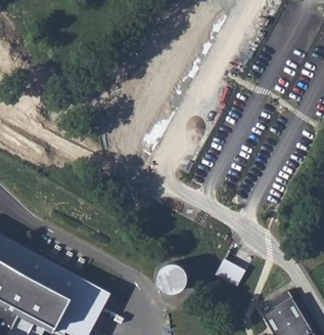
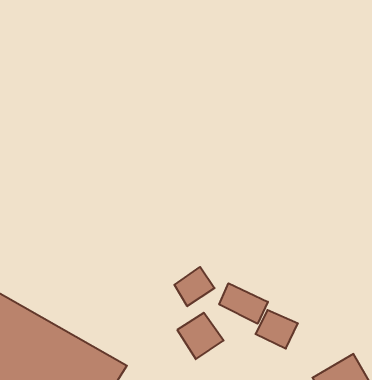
building: none -> [174,267,215,306]
building: none -> [219,283,268,324]

